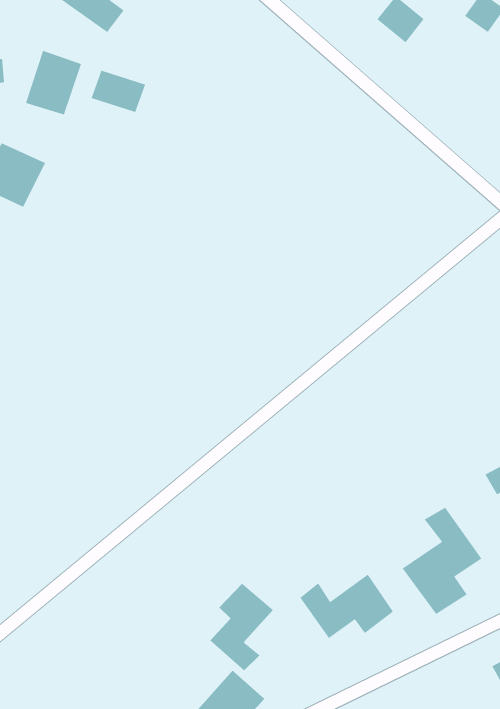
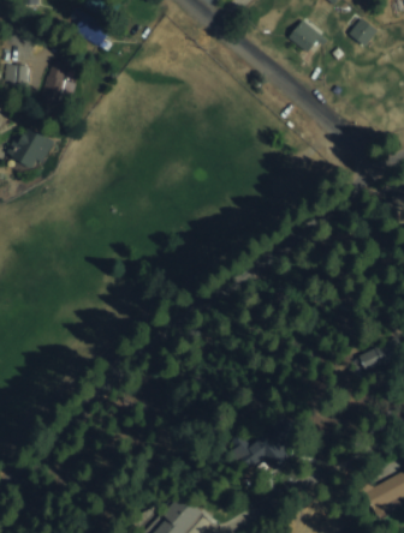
building: [91,70,146,113] -> none
building: [402,507,482,615] -> none
building: [210,583,274,671] -> none

